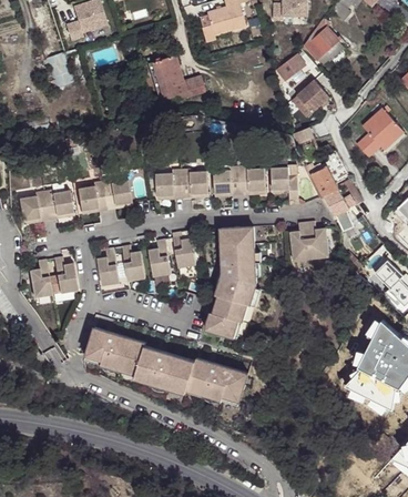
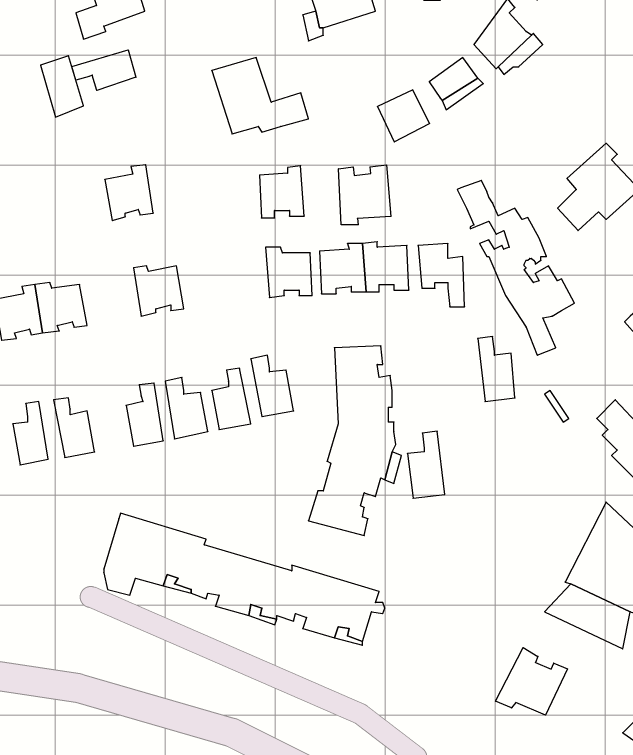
building: none -> [72,50,136,90]
building: [299,84,330,115] -> [377,90,430,142]
building: none -> [339,165,391,225]
building: [156,168,183,199] -> [260,166,304,218]
building: [78,180,106,213] -> [105,165,153,221]
building: [289,222,312,262] -> [407,431,445,498]
building: none -> [496,648,568,715]

